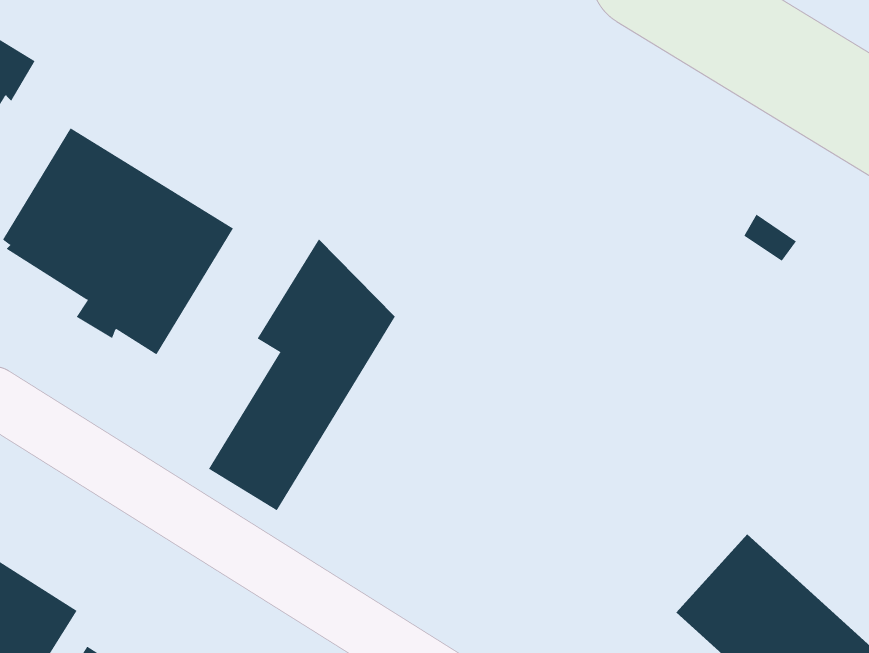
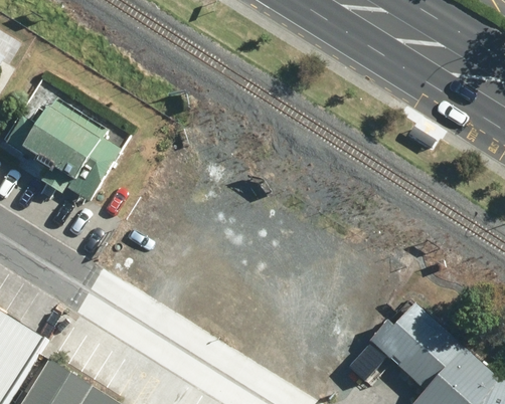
building: [208,238,395,511] -> none

